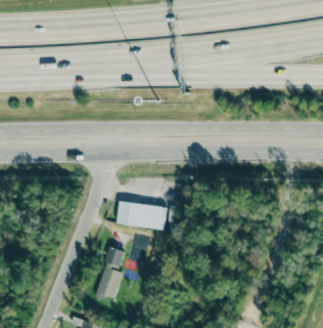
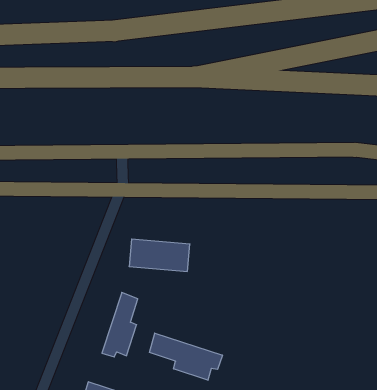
building: none -> [149,333,222,380]

